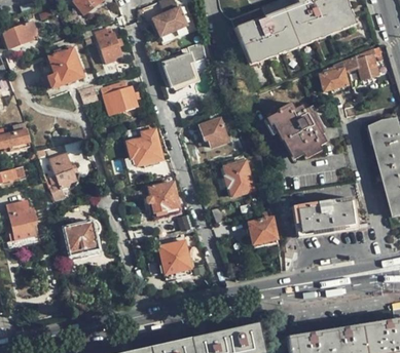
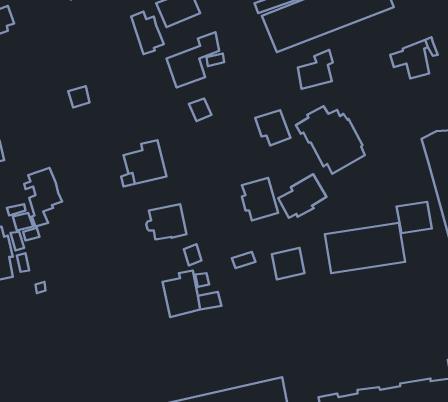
building: [96,28,122,63] -> [131,12,164,54]
building: [44,48,82,89] -> none
building: [320,60,349,91] -> [298,50,333,89]
building: [102,80,139,114] -> none
building: [199,118,228,147] -> [255,110,290,145]
building: none -> [278,174,326,218]
building: none -> [397,202,432,233]
building: [63,221,100,256] -> none

